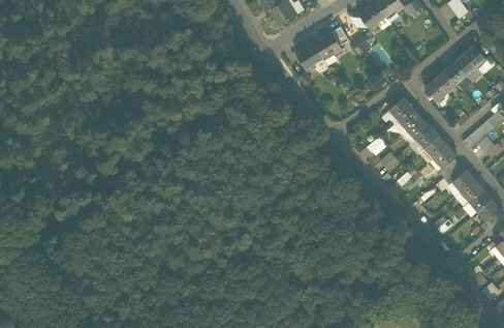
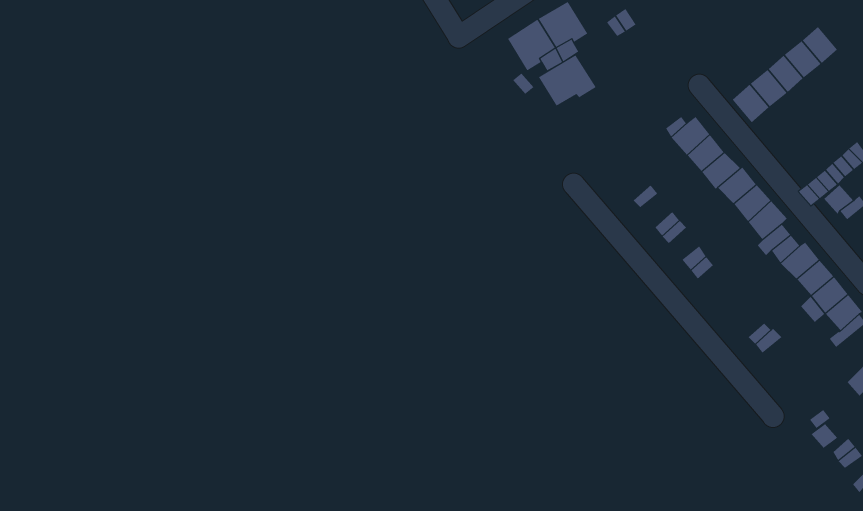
building: none -> [538,55,596,107]

